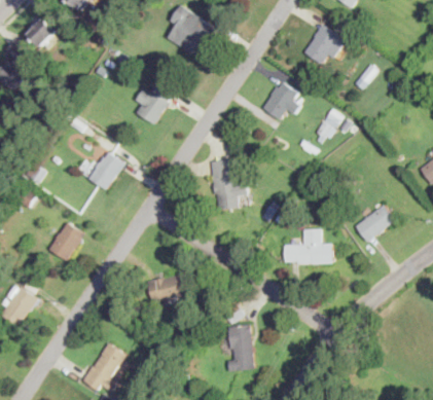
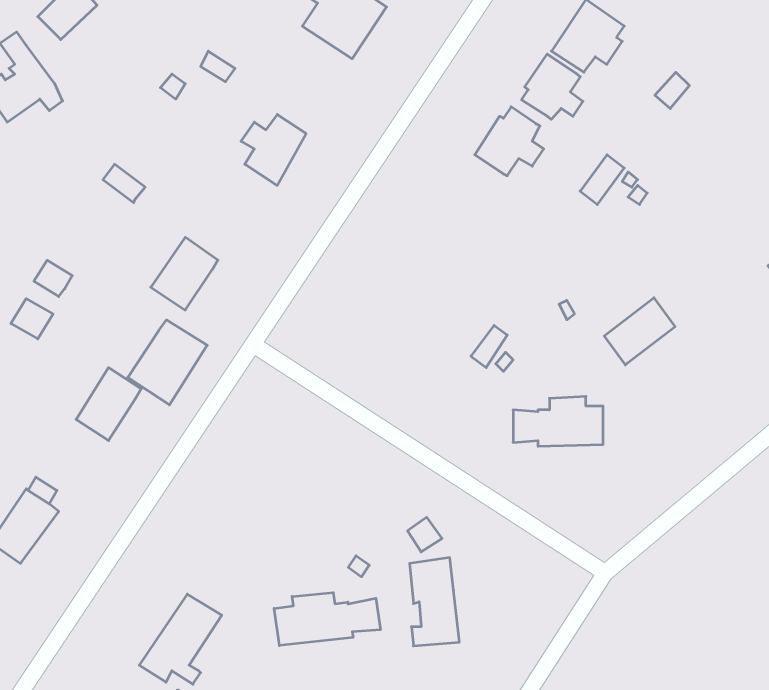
building: none -> [522,54,583,119]
building: [209,158,246,210] -> none
building: none -> [128,320,207,405]
building: [355,206,393,242] -> [604,298,675,365]
building: [146,276,183,302] -> none
building: none -> [274,593,380,646]

